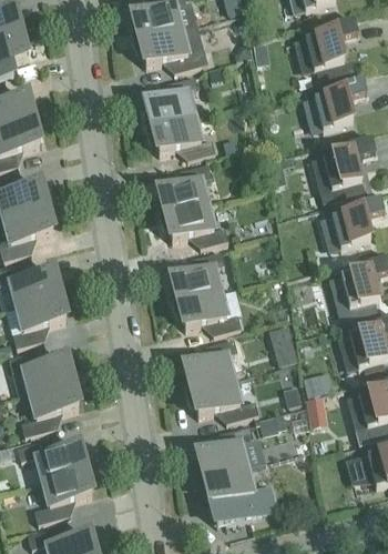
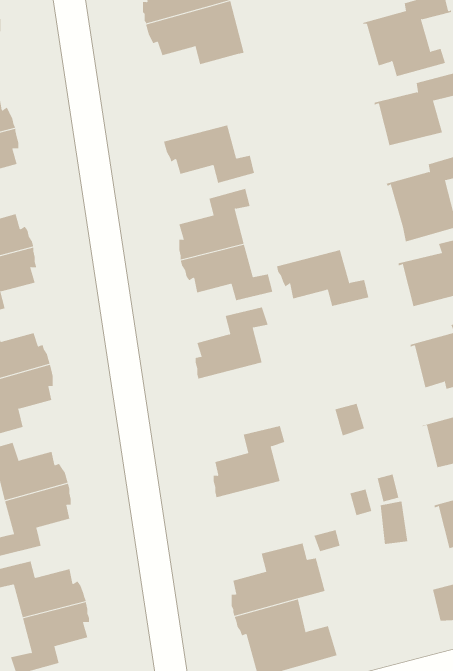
building: [144,74,197,128] -> none
building: [172,291,241,333] -> [276,250,369,307]
building: [185,379,257,421] -> none

